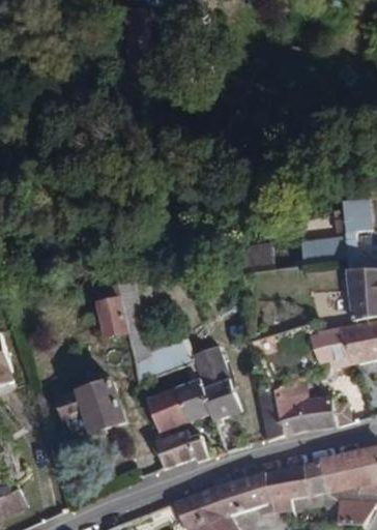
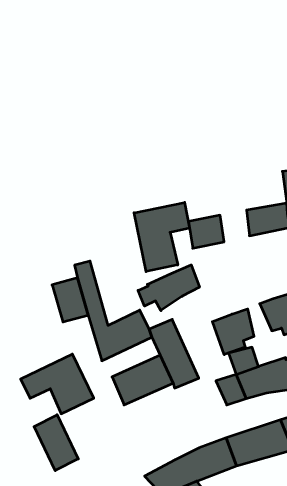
building: none -> [134,202,190,272]
building: none -> [138,265,199,311]
building: none -> [212,309,254,355]
building: none -> [34,415,78,471]
building: [156,437,205,469] -> none

